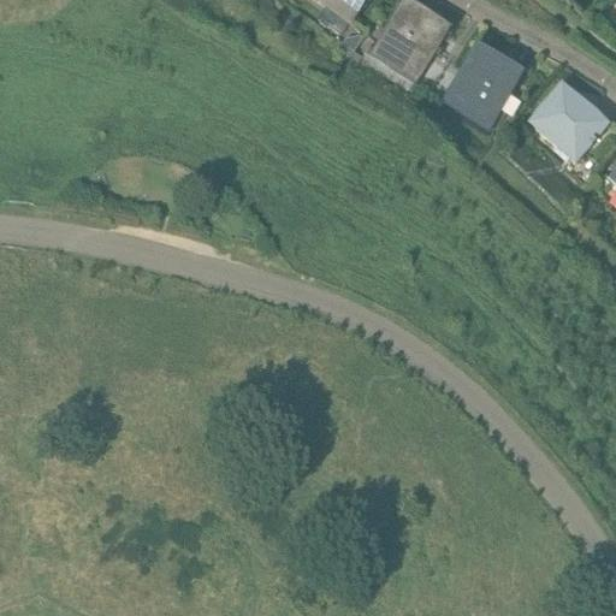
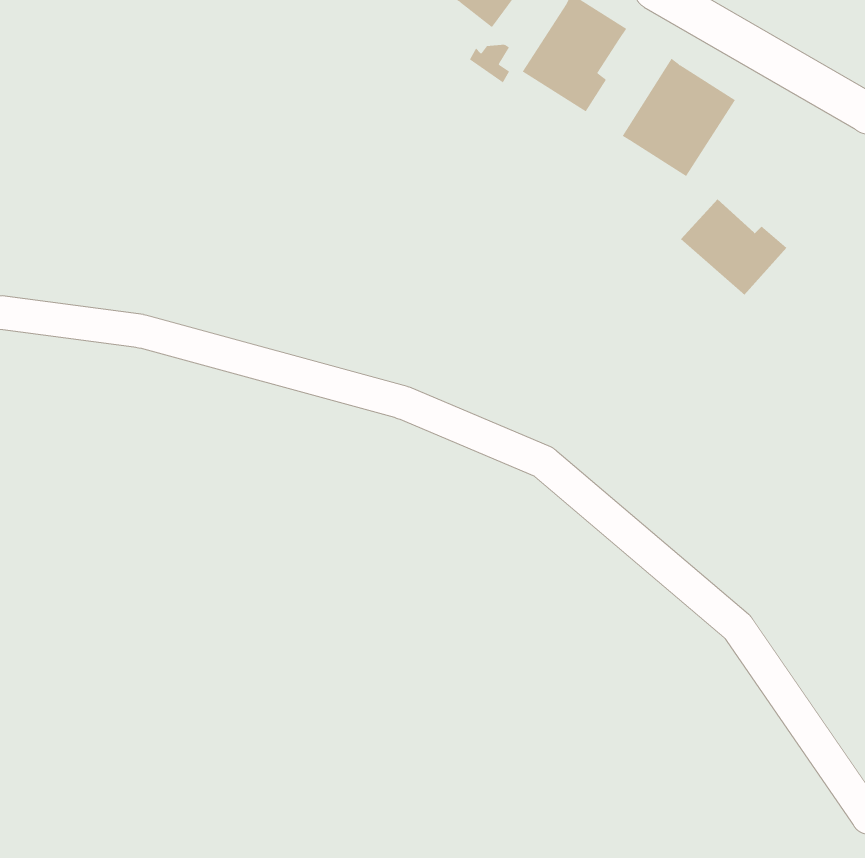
building: [532,88,608,156] -> [680,199,787,295]

